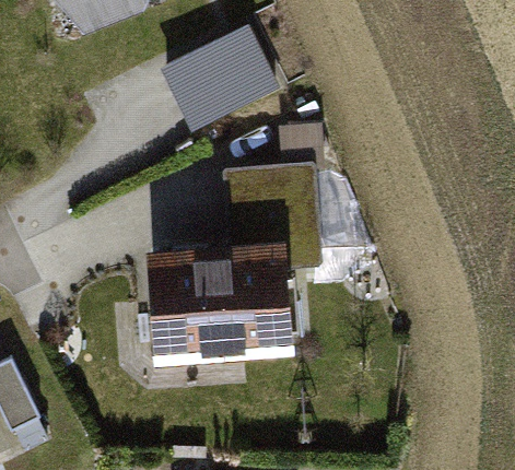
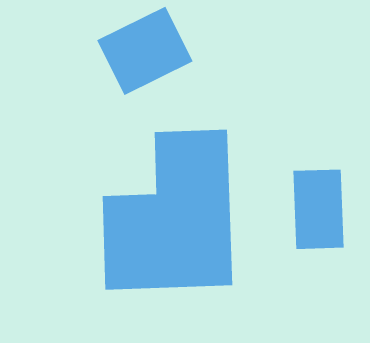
building: none -> [293,169,344,250]

